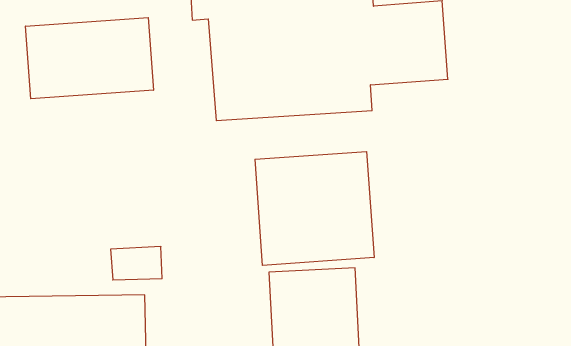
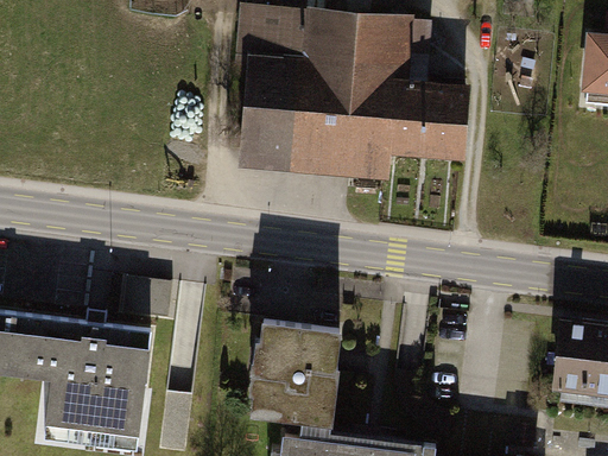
building: [26,18,153,99] -> none
building: [255,152,374,265] -> none

